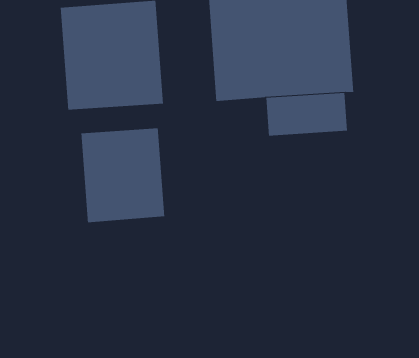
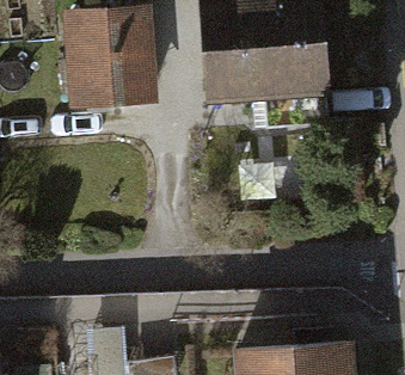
building: [81,128,165,223] -> none

